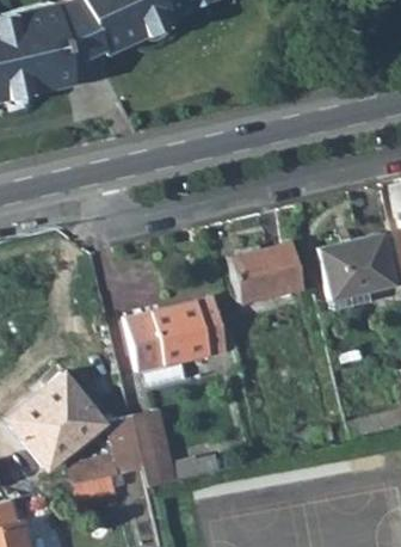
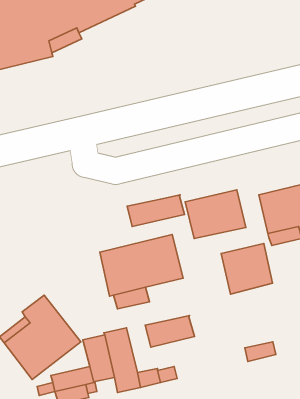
building: none -> [127,195,185,227]
building: none -> [221,244,273,294]
building: none -> [145,315,194,347]

